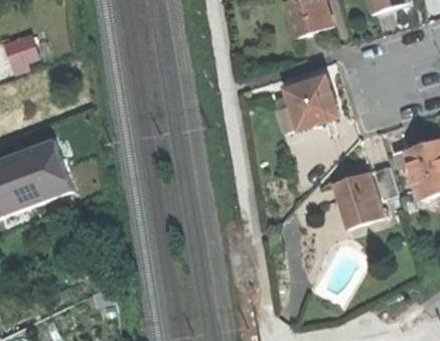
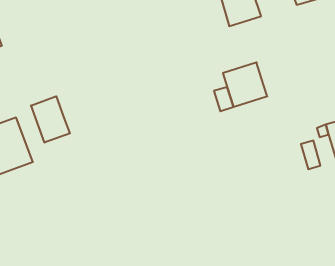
building: none -> [31,96,70,143]
building: [335,171,384,225] -> none

